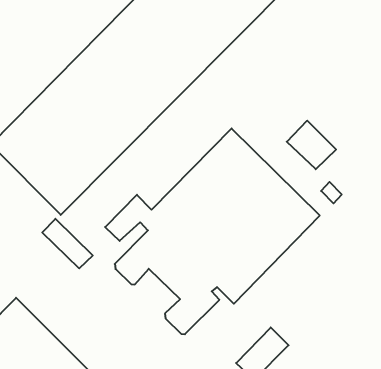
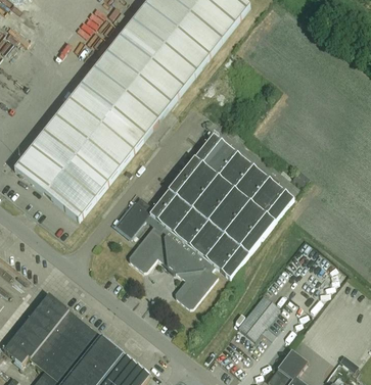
building: [287,121,336,169] -> none
building: [42,219,93,268] -> none

